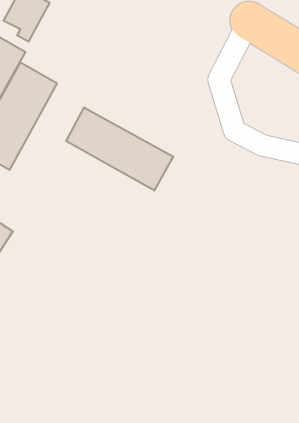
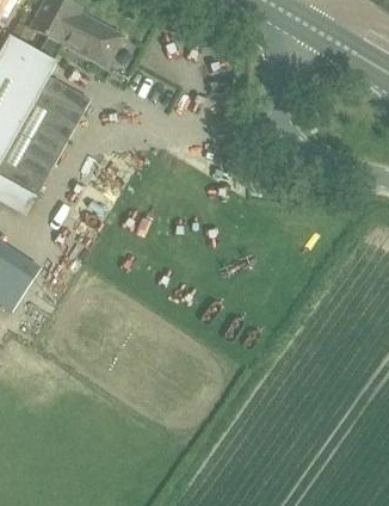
building: none -> [61,11,123,66]
building: [66,107,173,191] -> none

